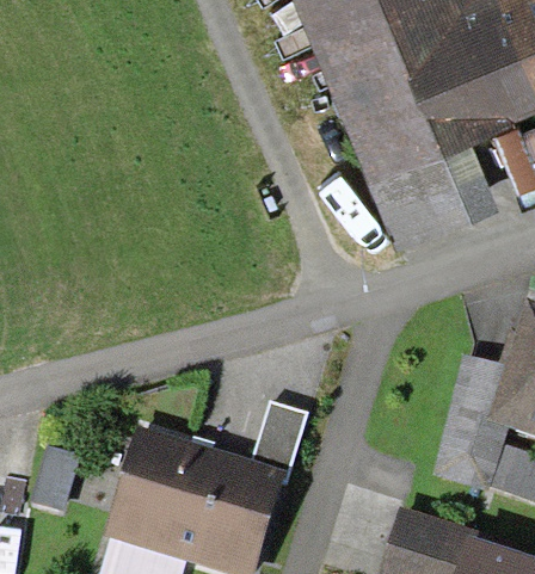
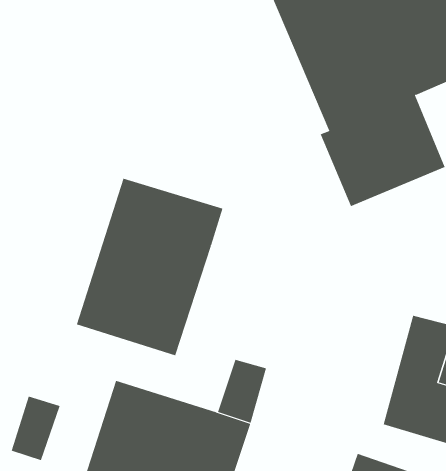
building: none -> [76,178,223,356]

